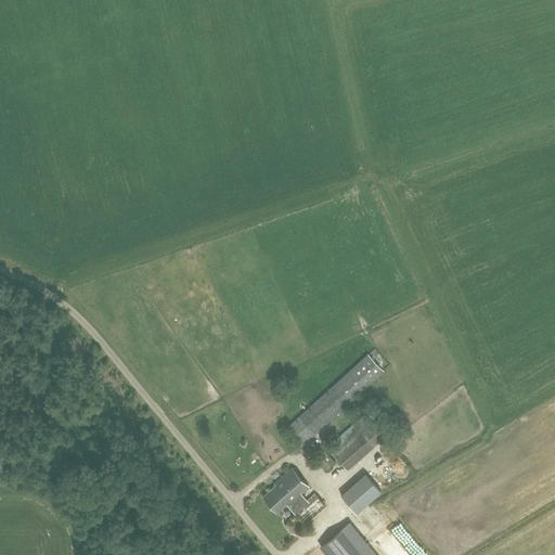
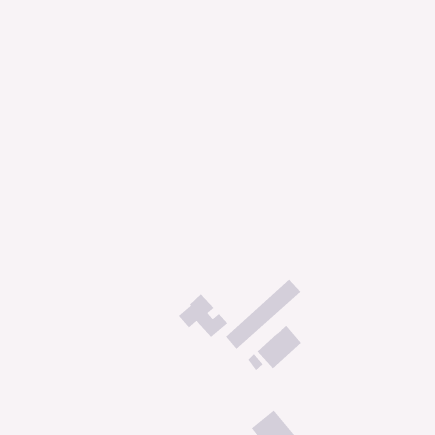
building: [262,468,326,525] -> [178,294,228,338]
building: [340,474,379,513] -> none

